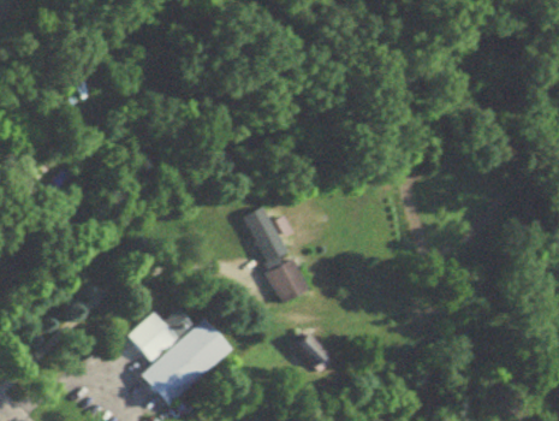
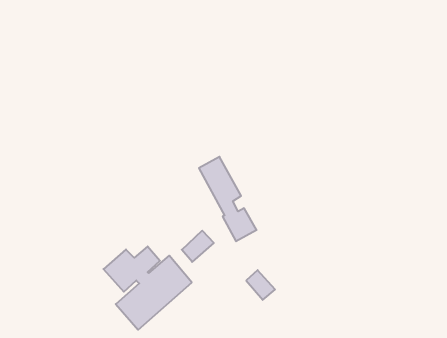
building: none -> [182,231,214,262]

